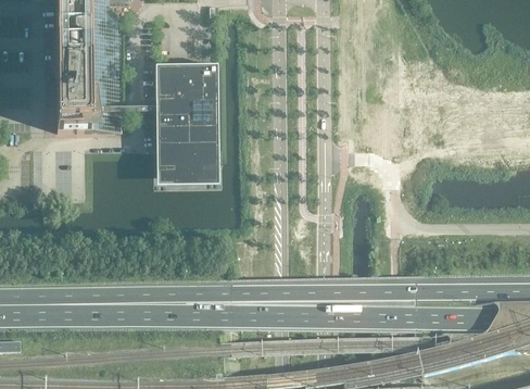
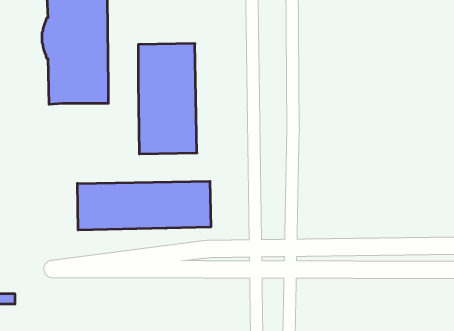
building: none -> [77,181,211,230]

